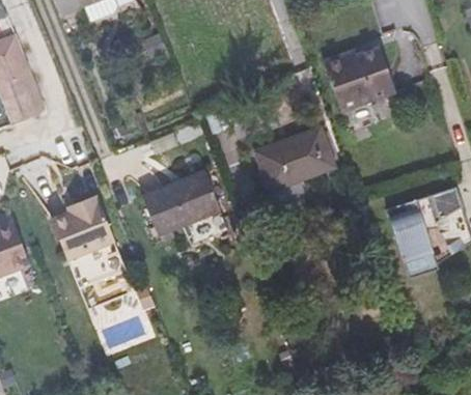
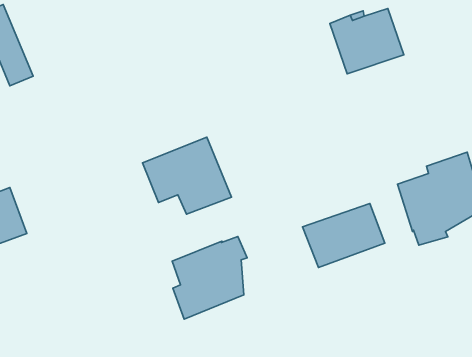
building: [254,128,334,190] -> [302,203,385,268]
building: [51,194,126,287] -> none
building: none -> [172,237,247,319]

